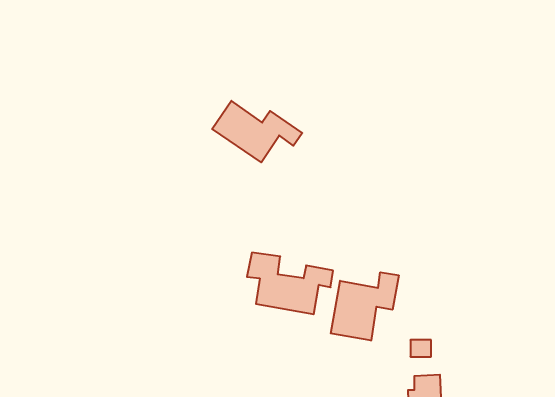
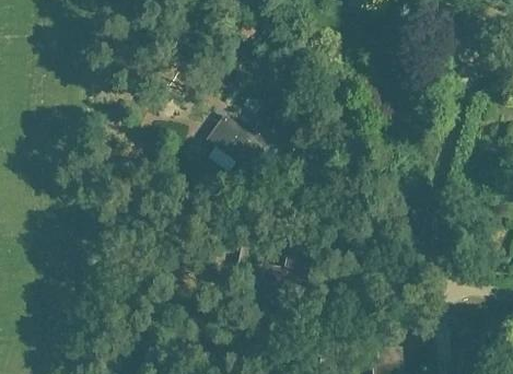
building: [331,272,399,341] -> none

